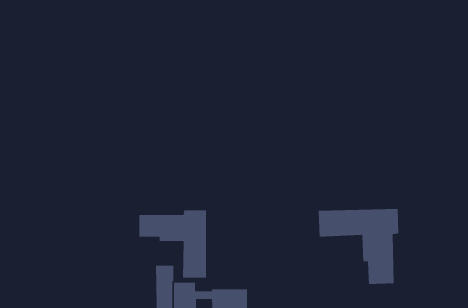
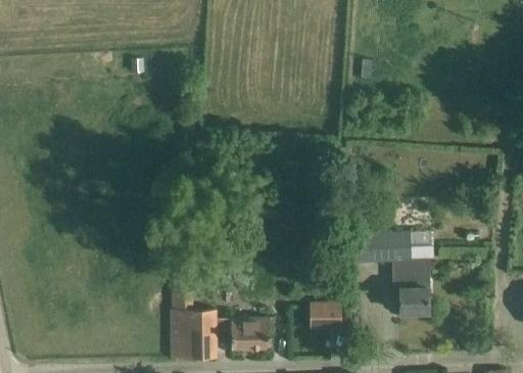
building: [138,209,207,278] -> none
building: none -> [310,302,341,330]

